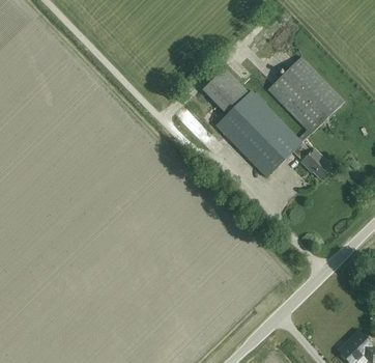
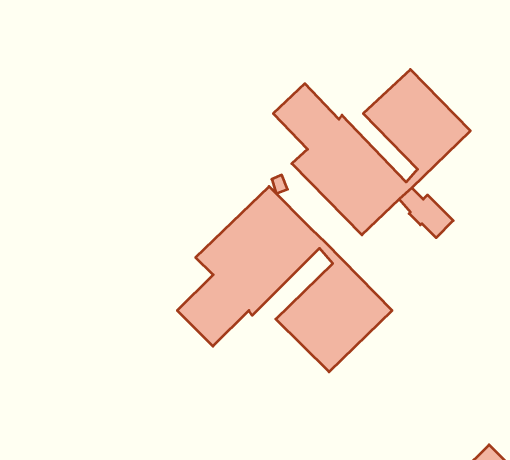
building: none -> [177,186,392,372]

